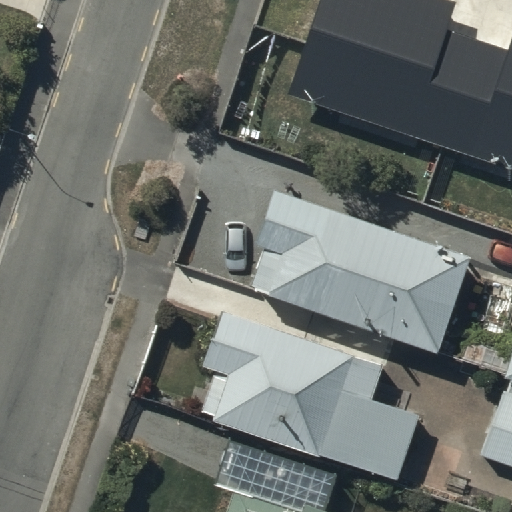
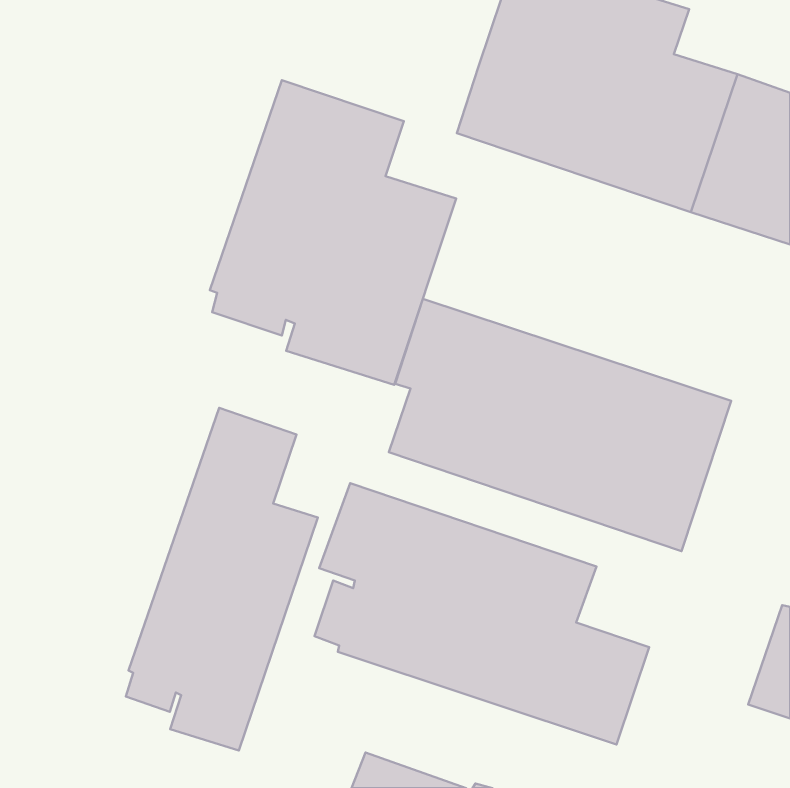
building: none -> [210,80,456,385]
building: none -> [126,408,318,751]

